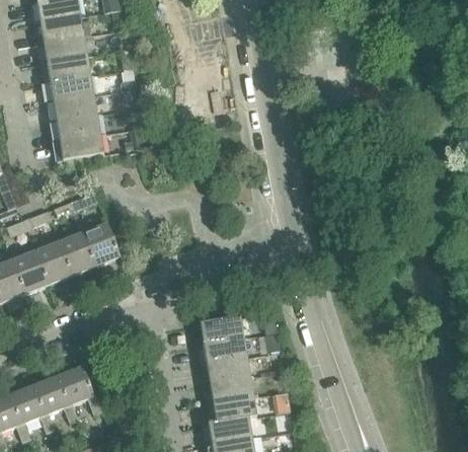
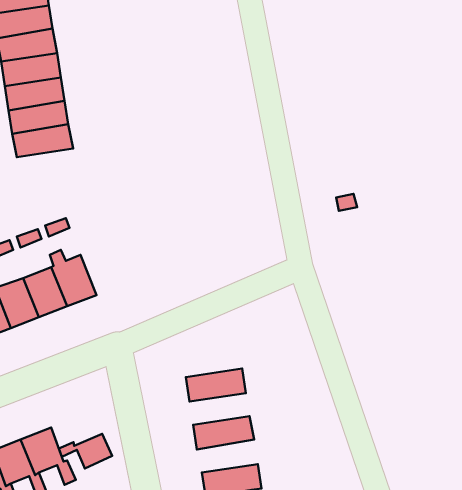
building: [56,133,105,160] -> none
building: [199,335,248,362] -> none
building: none -> [59,434,112,469]
building: [205,374,255,401] -> none

